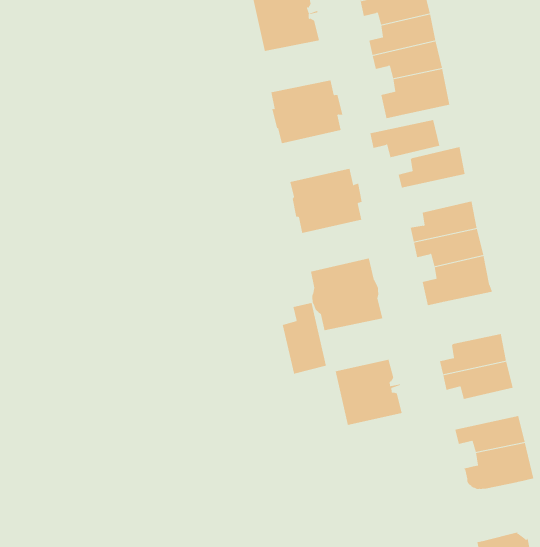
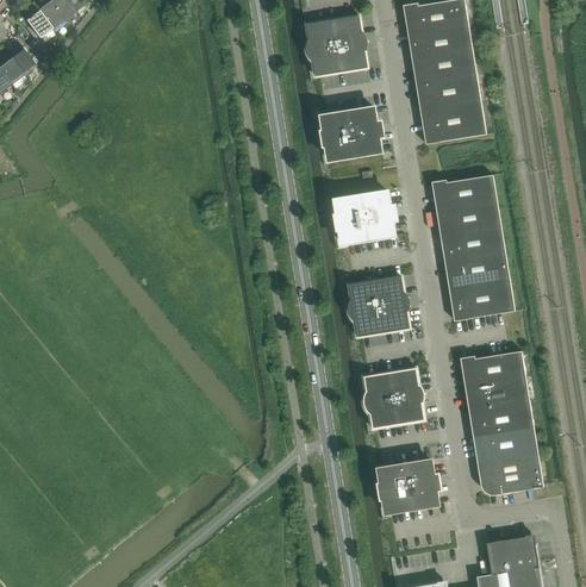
building: [369,119,440,158] -> [435,200,500,233]
building: [282,302,327,374] -> none
building: none -> [469,401,532,437]
building: none -> [378,460,437,512]

